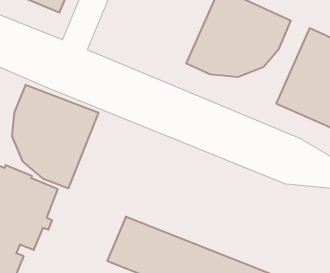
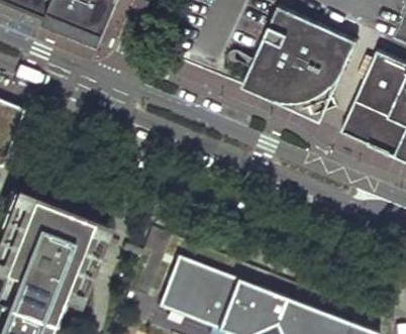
building: [12,85,99,188] -> none

